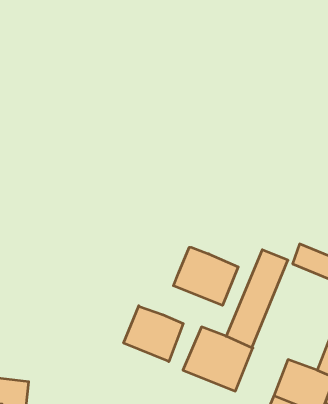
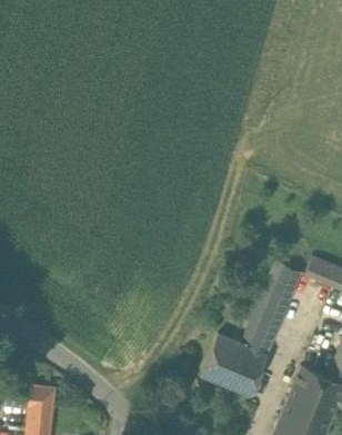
building: [173,247,238,305] -> none
building: [124,306,183,362] -> none

